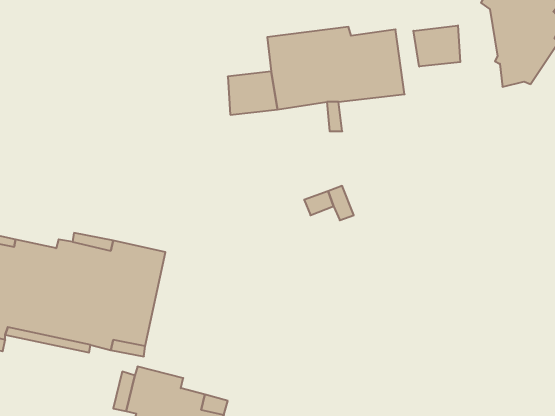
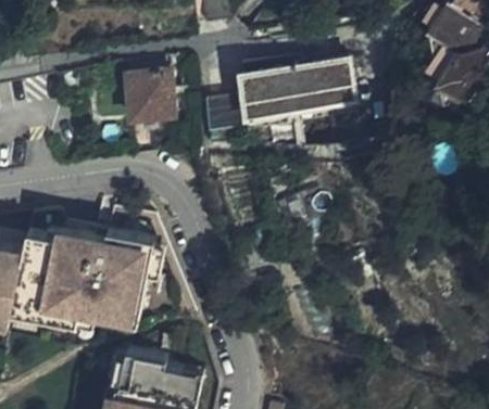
building: [413,25,460,67] -> none
building: none -> [124,59,175,119]

